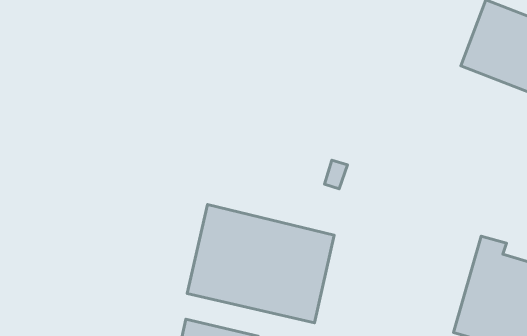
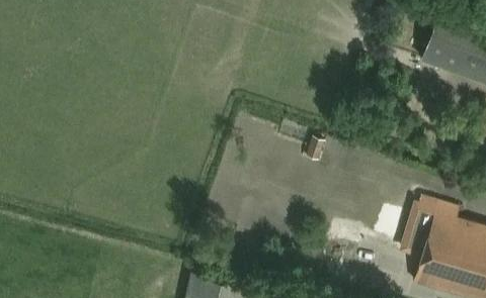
building: [187,205,334,323] -> none

